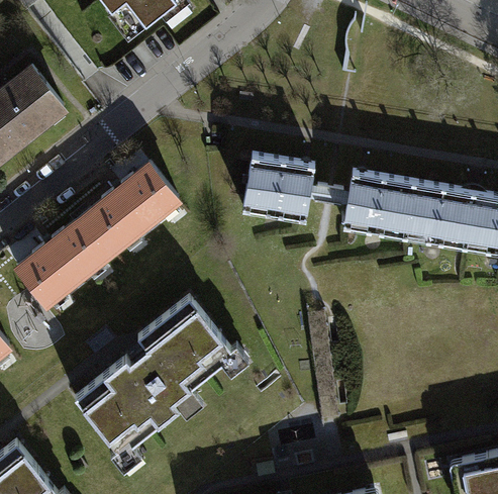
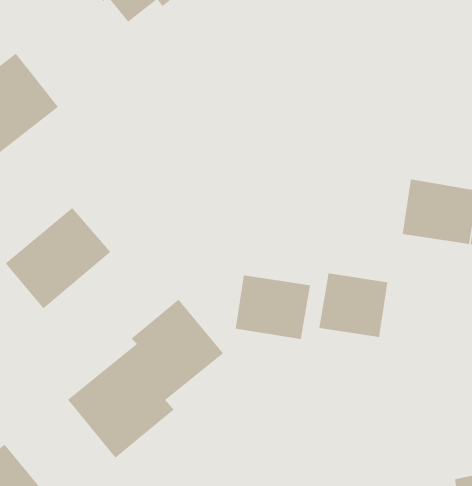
building: [241,156,315,218] -> [235,275,311,339]
building: [85,161,179,252] -> none
building: [344,172,412,234] -> [318,273,388,338]

